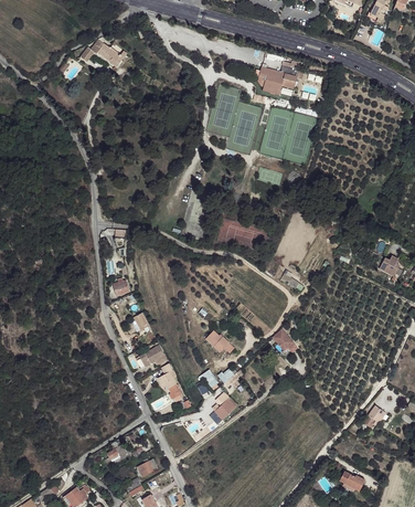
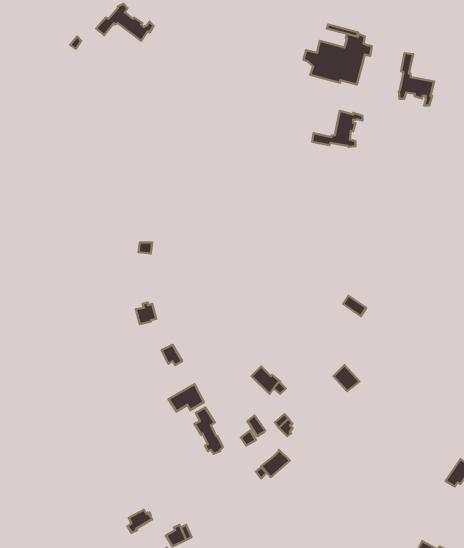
building: none -> [399,53,434,106]
building: none -> [312,111,362,147]

